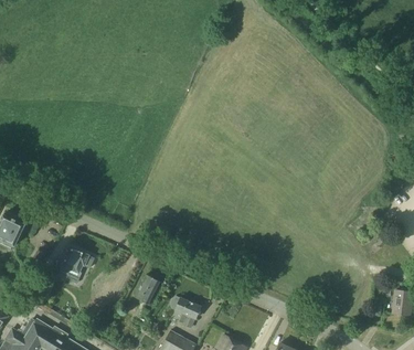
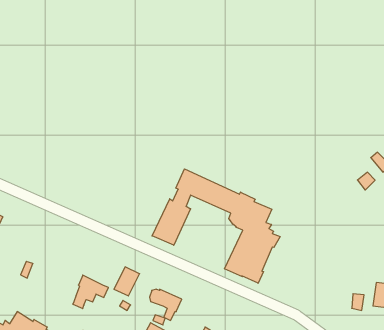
building: none -> [152,169,280,283]
building: [59,246,94,279] -> [73,275,108,309]

